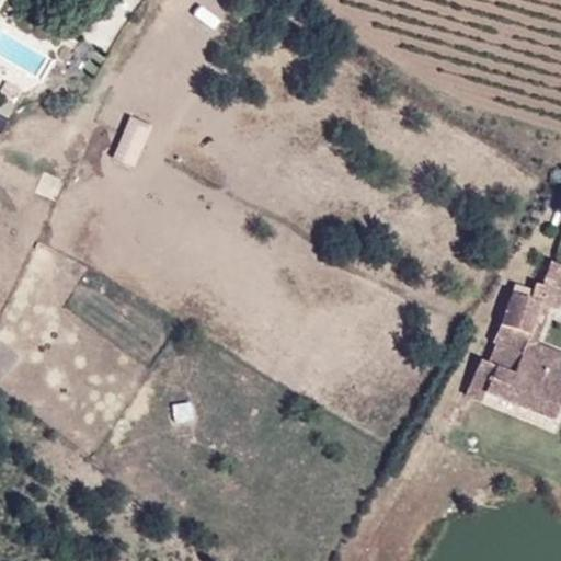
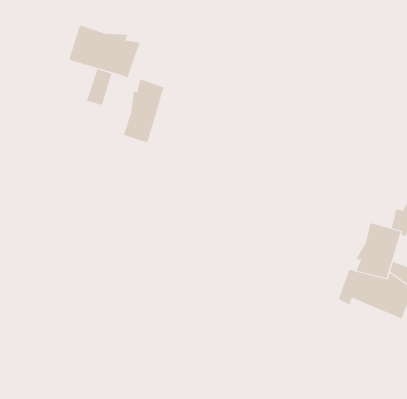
building: none -> [69,24,140,78]
building: none -> [123,78,165,143]

